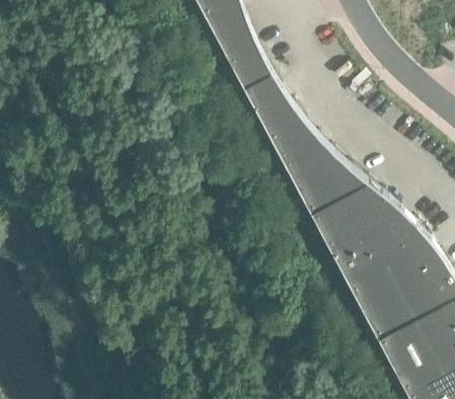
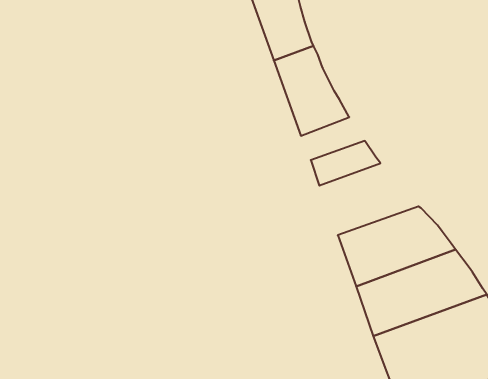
building: [275,128,323,164] -> none
building: [294,159,371,218] -> none

